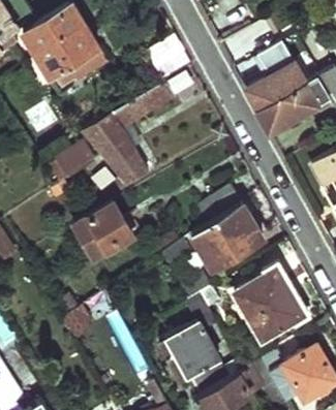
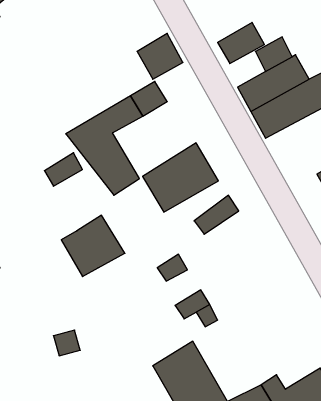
building: [32,13,109,90] -> none
building: [192,202,263,266] -> [143,143,218,212]
building: [234,265,301,339] -> none

